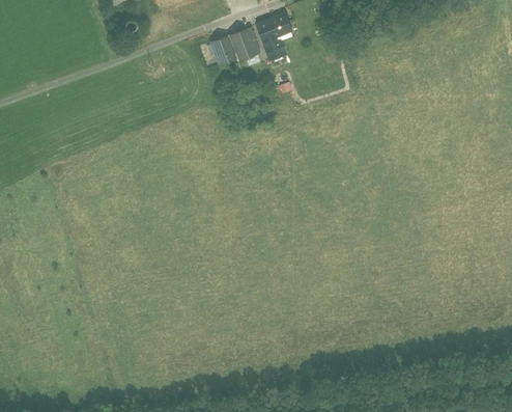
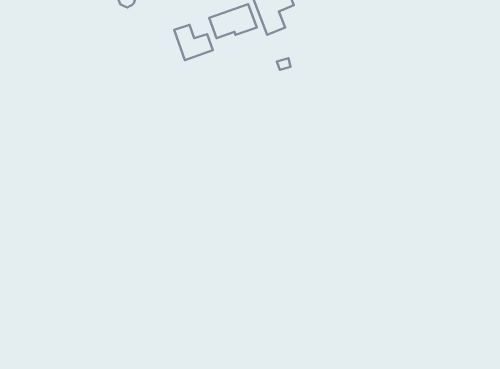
building: none -> [174,25,213,60]

